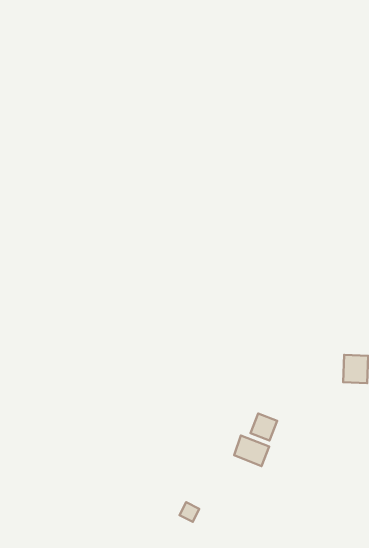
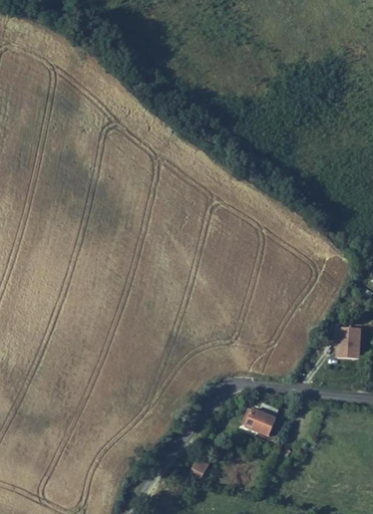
building: [251,413,277,440] -> none

